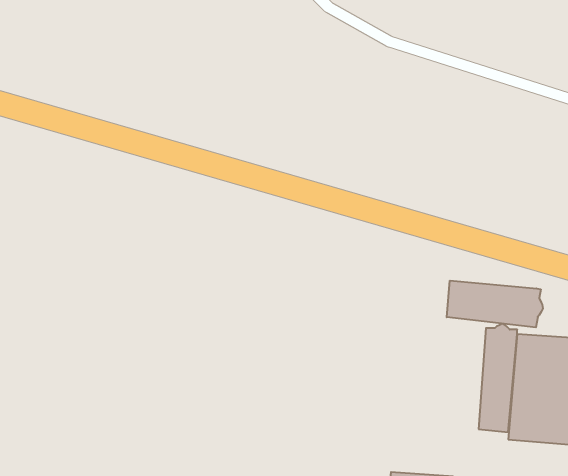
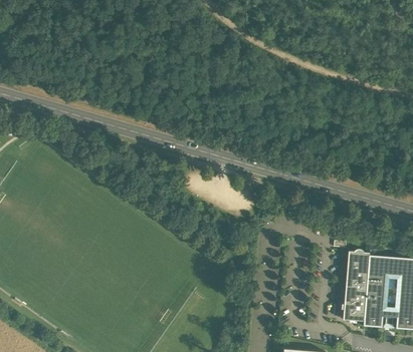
building: [447,281,543,327] -> none

